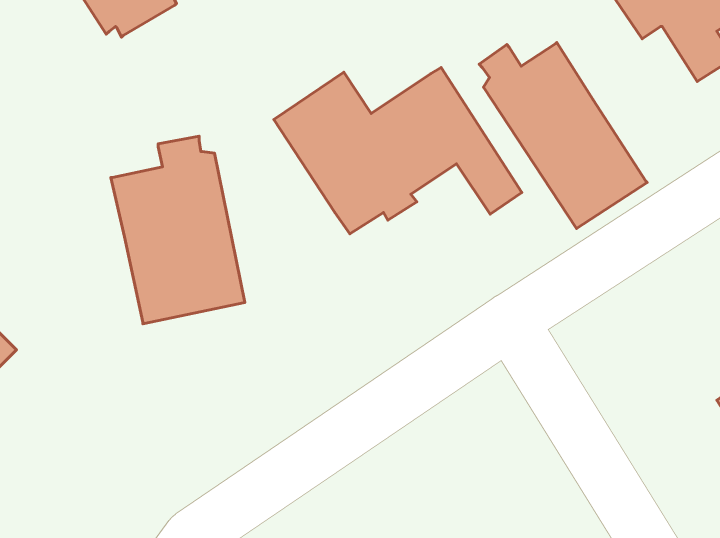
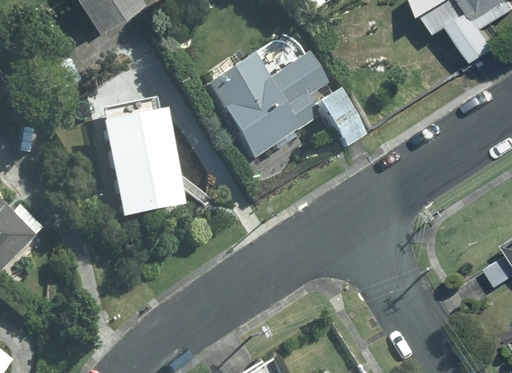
building: [479,43,647,229] -> none

